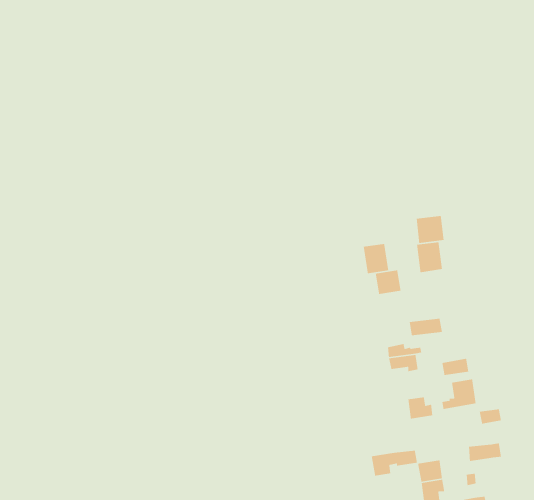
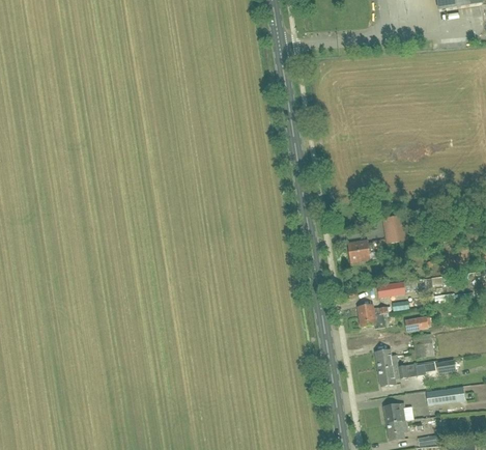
building: [416,215,445,244] -> none
building: [363,243,389,274] -> none
building: [371,450,418,476] -> [377,363,418,386]

